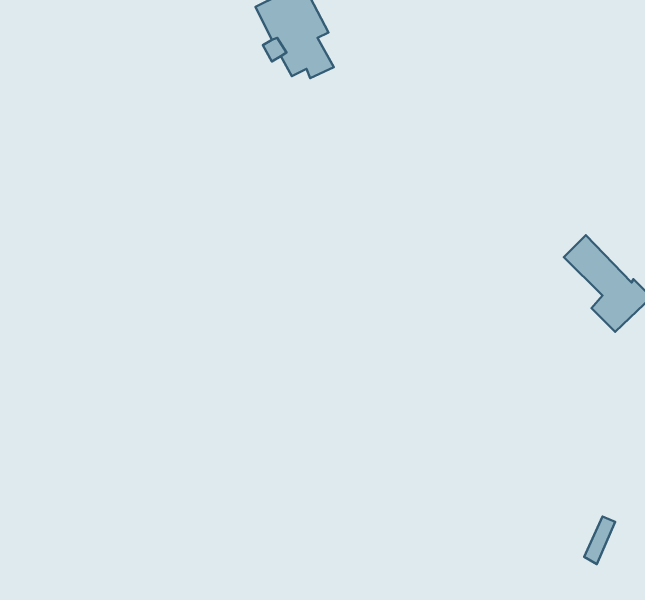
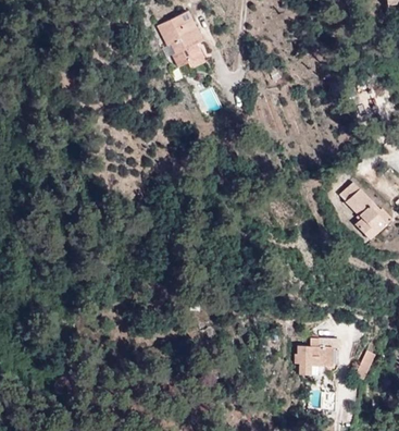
building: none -> [295,337,337,373]

